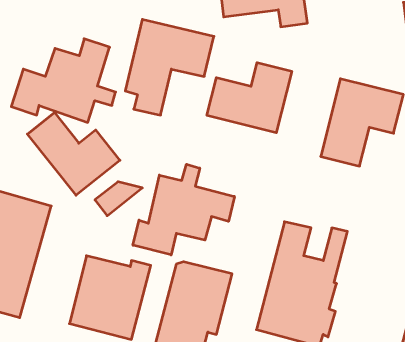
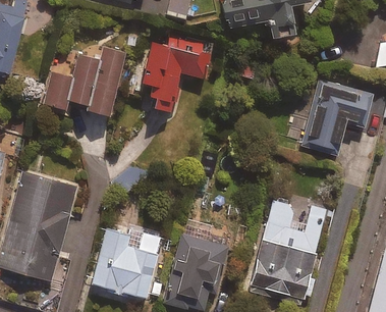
building: [207,63,292,133] -> none
building: [27,113,120,195] -> none
building: [133,164,234,255] -> none

